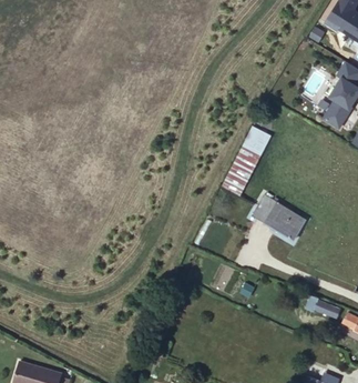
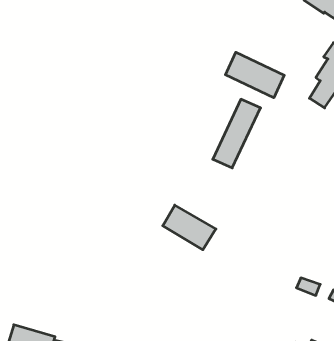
building: none -> [225,52,284,98]
building: [249,195,304,241] -> [163,205,216,250]

